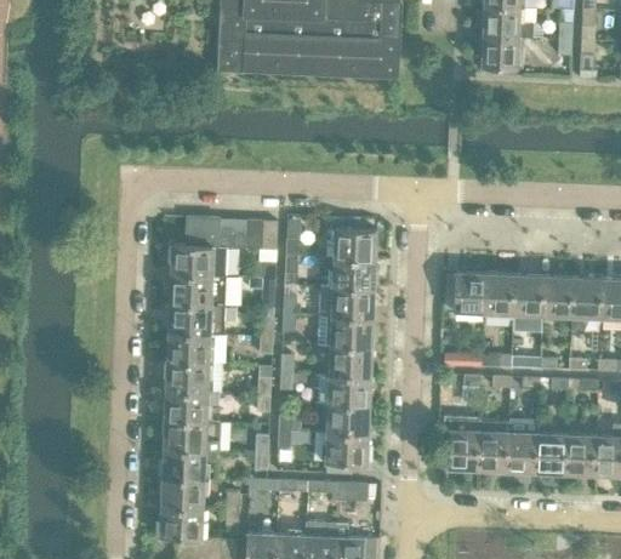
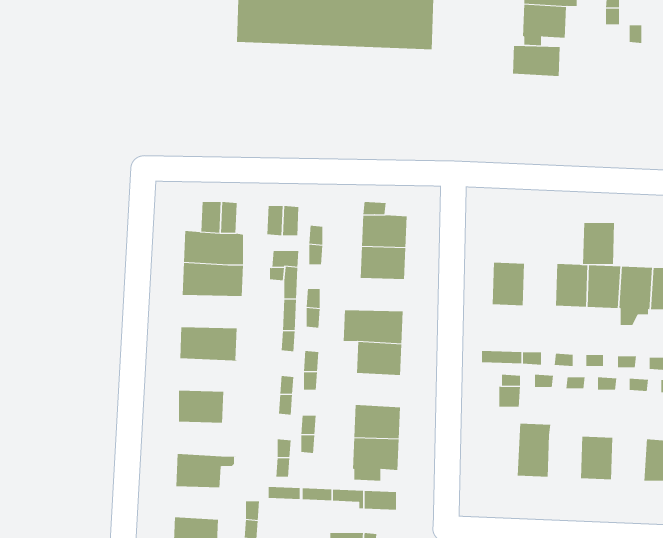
building: none -> [512,45,560,77]
building: [218,219,247,247] -> none
building: [483,274,513,313] -> [582,222,615,265]
building: [318,286,374,318] -> none
building: [167,303,224,333] -> none
building: [165,361,222,393] -> none
building: [317,375,370,406] -> none
building: [443,416,479,469] -> none
building: [506,418,537,472] -> none
building: [164,420,220,451] -> none
building: [564,434,596,474] -> none
building: [161,479,204,509] -> none

